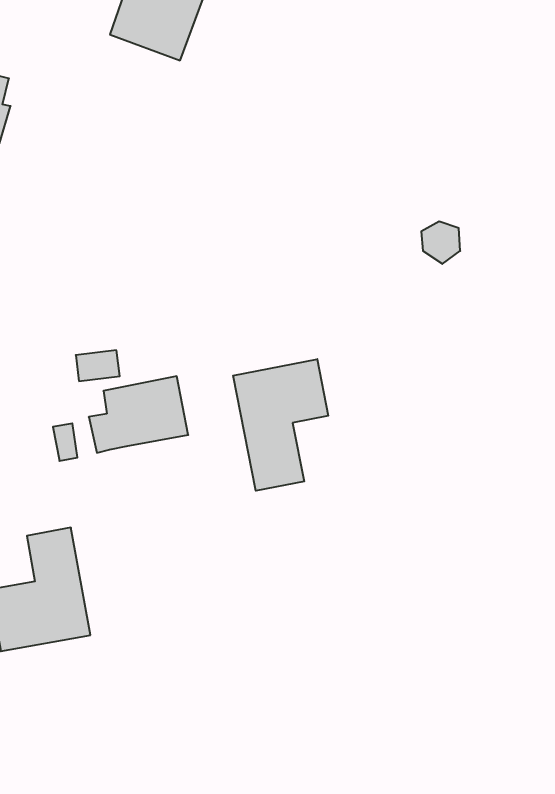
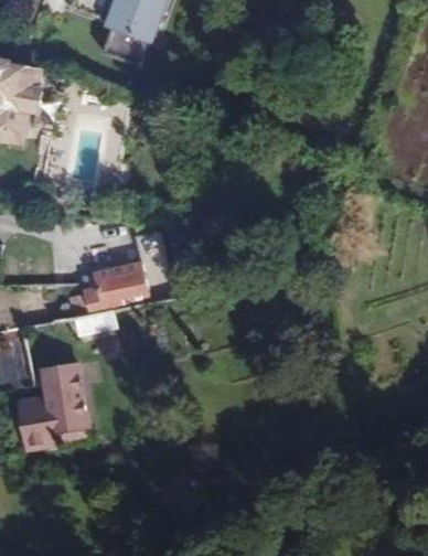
building: [233,359,328,491] -> none

